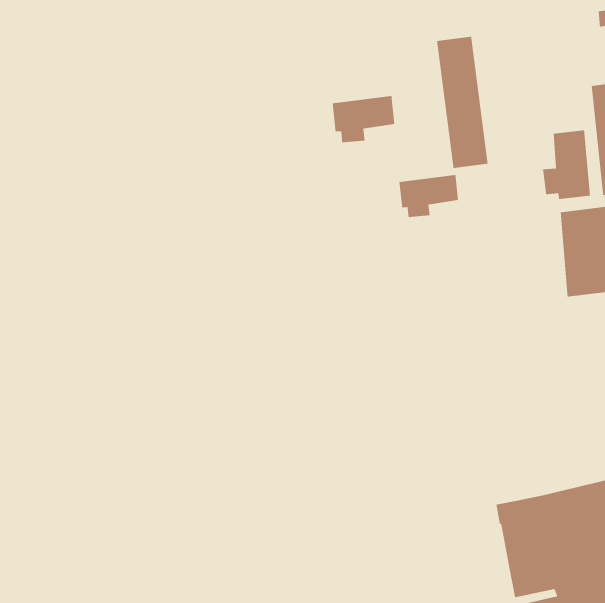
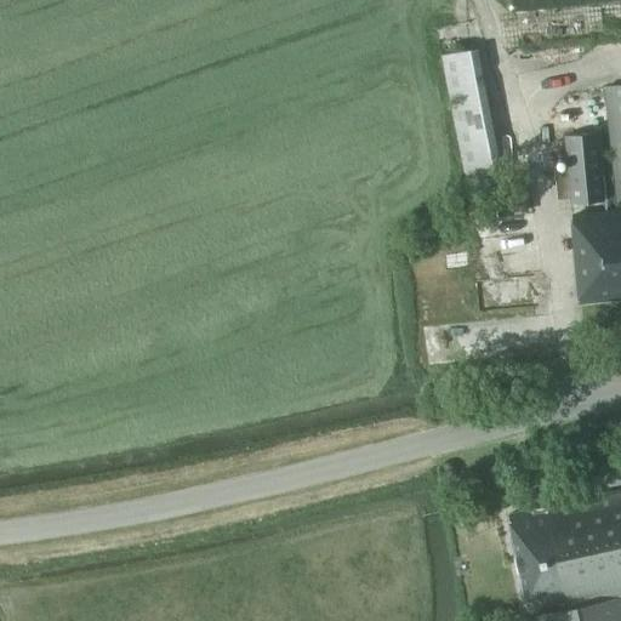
building: [332,95,395,143] -> none
building: [399,174,459,218] -> none

